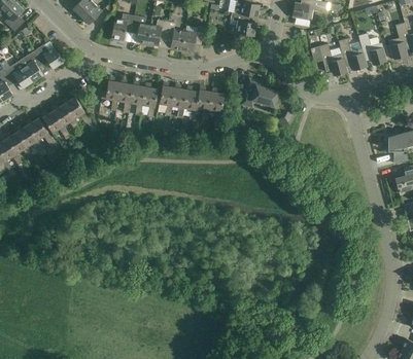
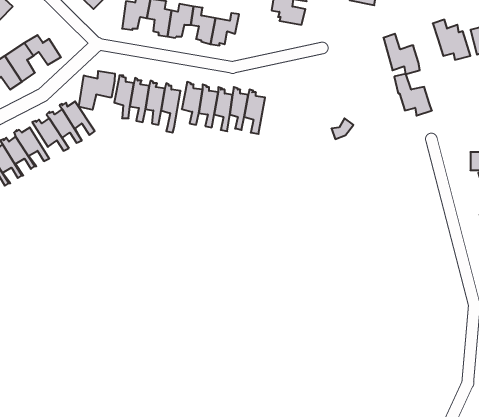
building: [338,37,368,70] -> [394,74,432,116]
building: none -> [79,71,115,110]
building: [241,78,278,108] -> none

